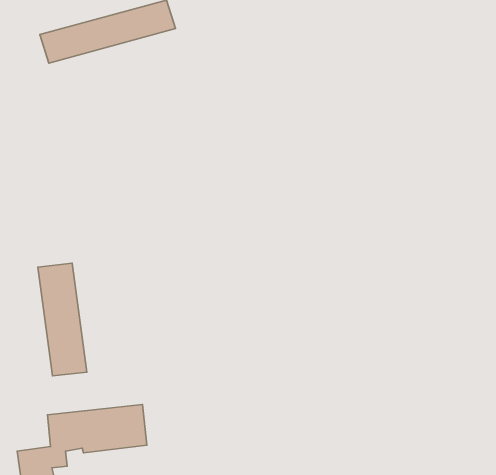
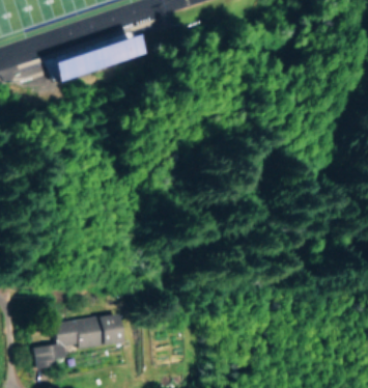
building: [38,263,87,376] -> none

